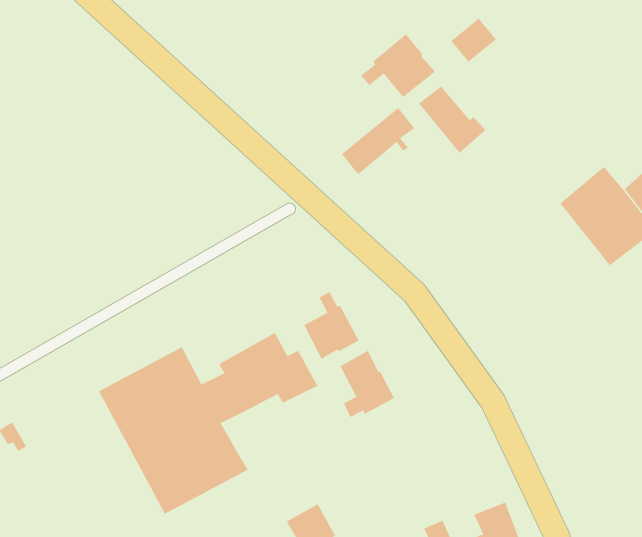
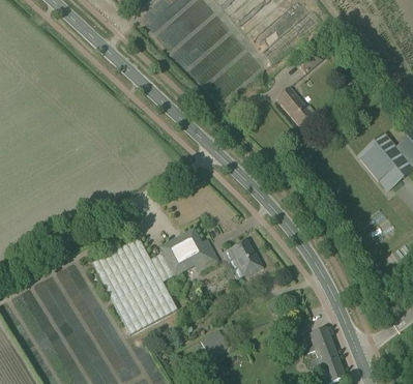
building: [360,34,436,98] -> none
building: [341,107,415,175] -> none
building: [303,291,359,360] -> none

